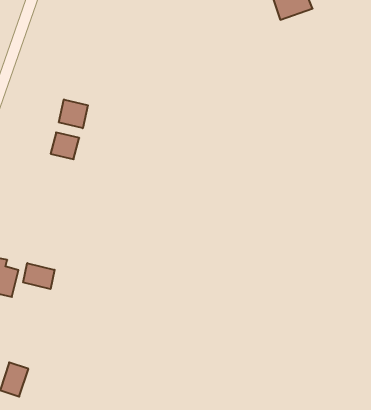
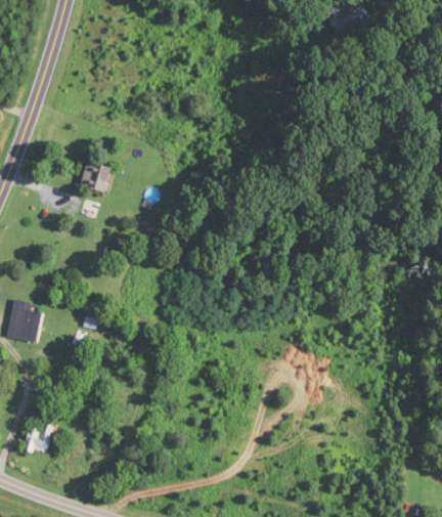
building: [59,99,88,128] -> none
building: [23,263,55,289] -> none

